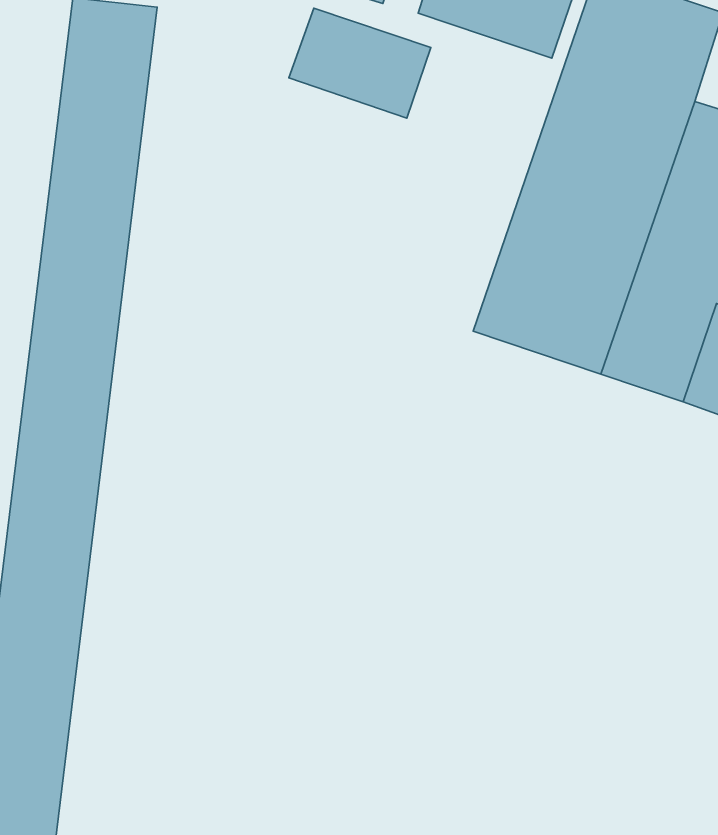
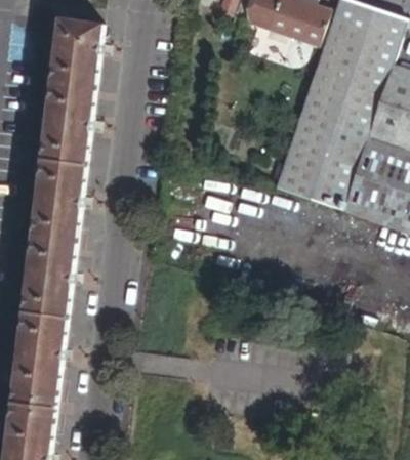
building: [289,8,431,118] -> none

